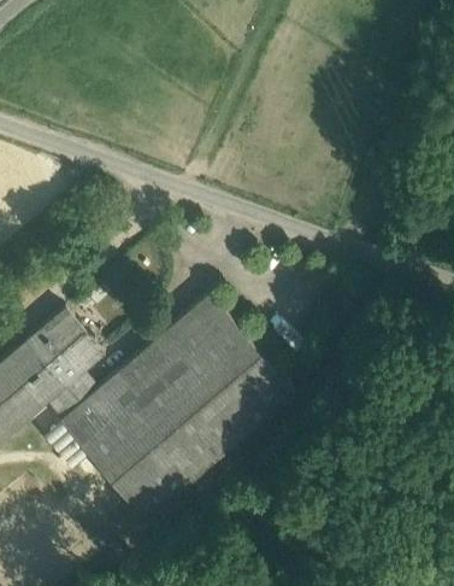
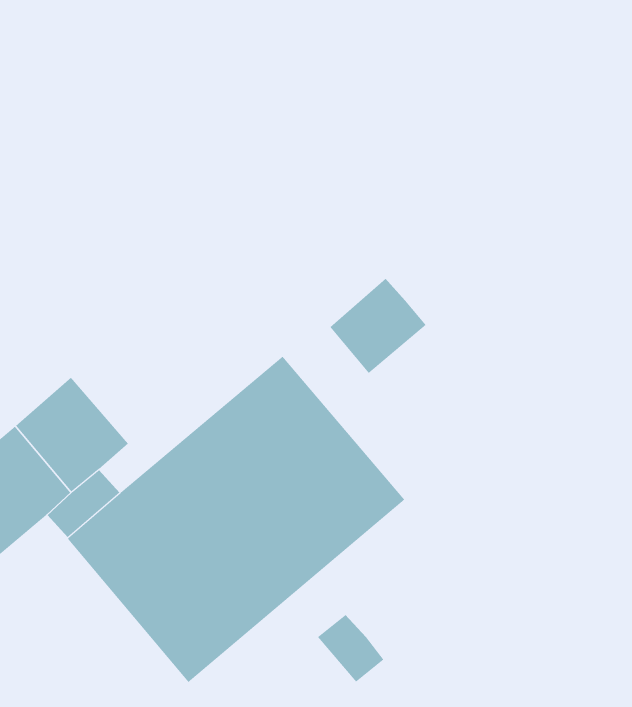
building: none -> [329,278,427,374]
building: none -> [317,614,384,682]

